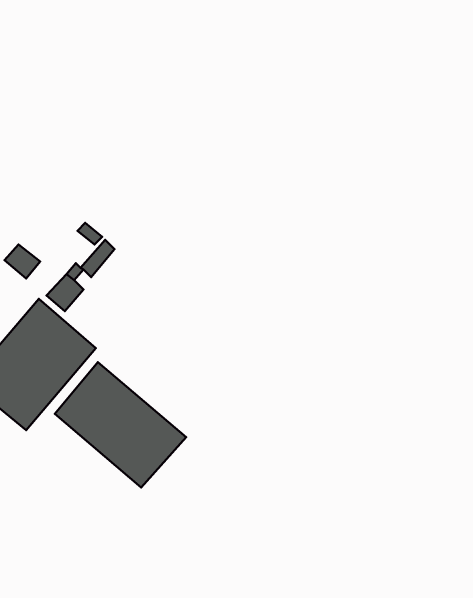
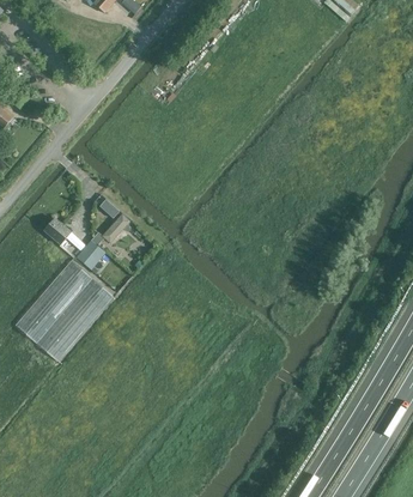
building: [55,362,186,487] -> none

